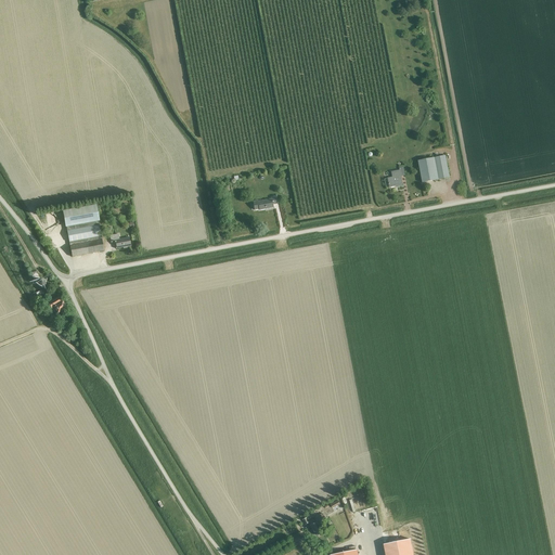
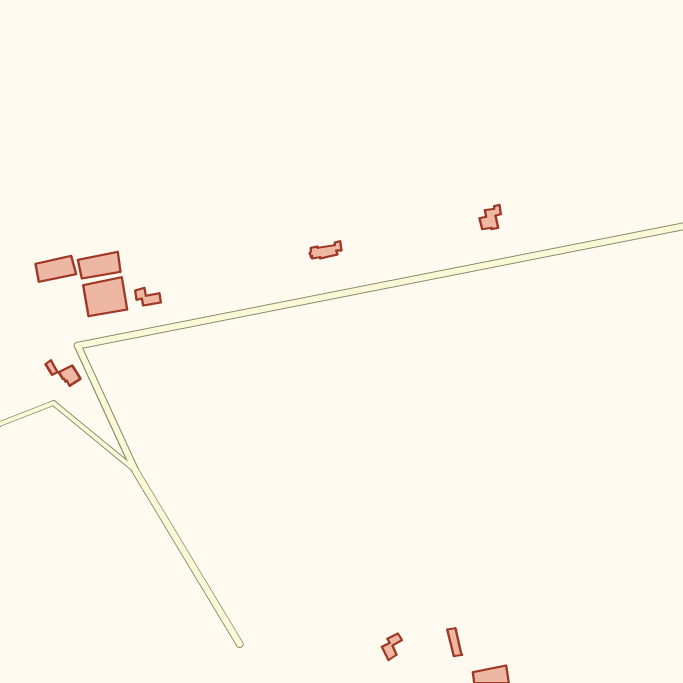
building: [417,155,449,182] -> none
building: none -> [36,256,76,282]

